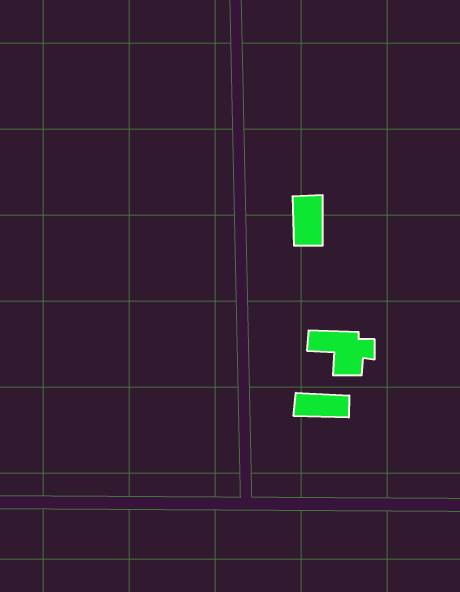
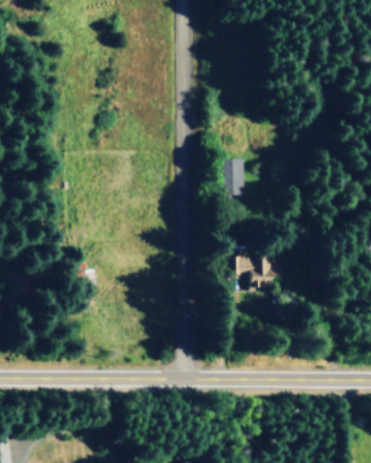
building: [294,393,349,418] -> none

